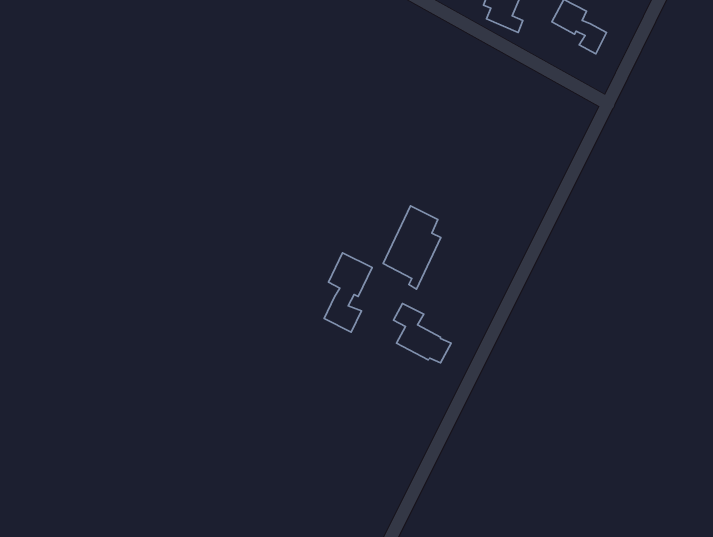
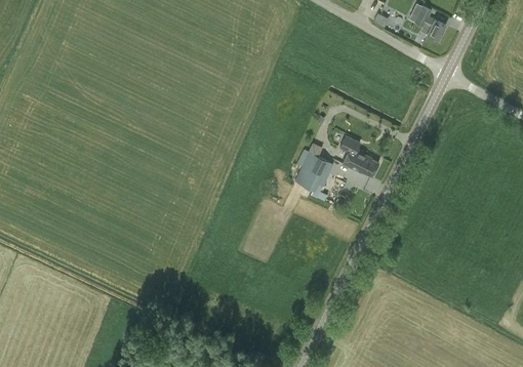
building: [324,253,372,332] -> none
building: [393,304,451,363] -> [339,136,378,176]

